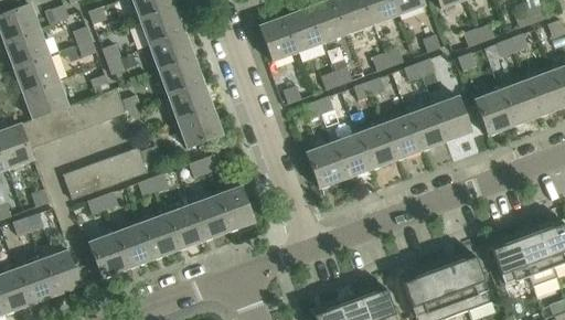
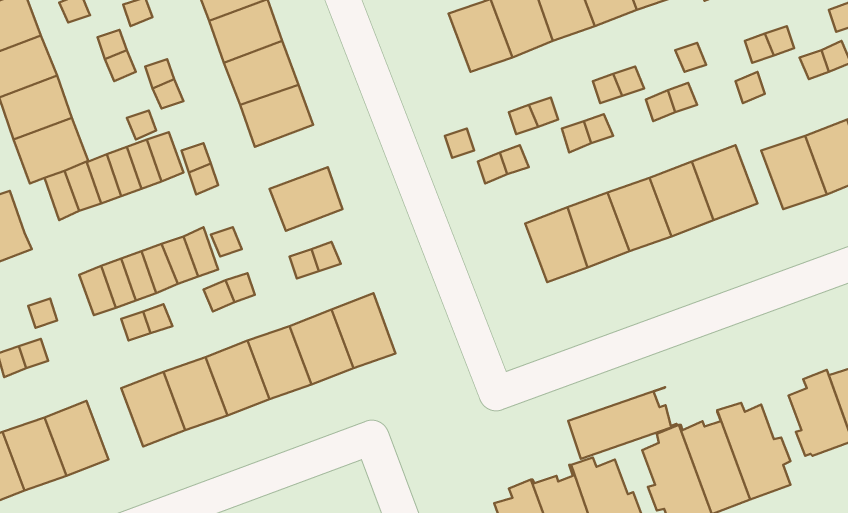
building: [258,17,298,62] -> none
building: [168,84,212,122] -> none
building: [20,116,50,149] -> none
building: [305,143,344,189] -> none
building: none -> [568,387,678,459]

